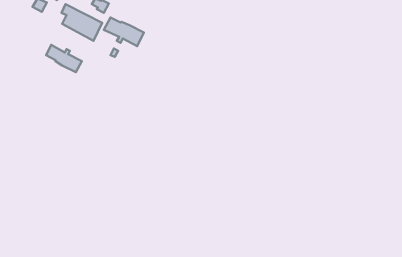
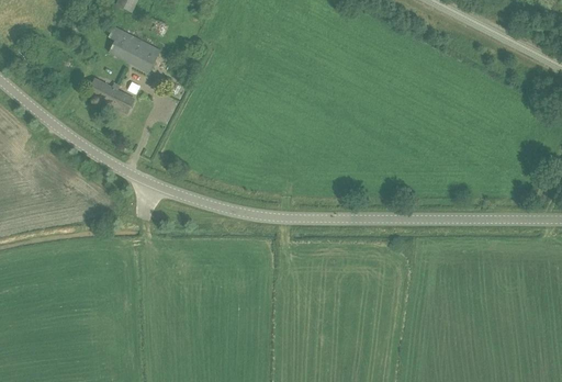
building: [104,18,144,46] -> none

